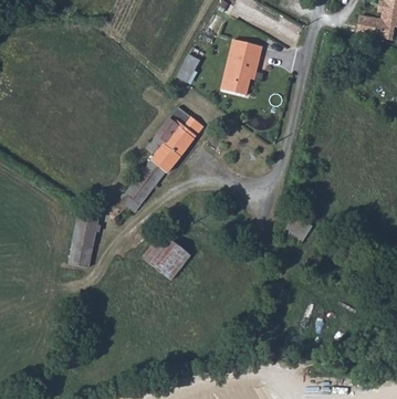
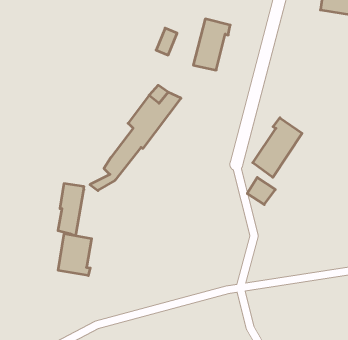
building: none -> [253,118,302,177]
building: [143,229,192,277] -> none
building: none -> [58,233,92,276]

